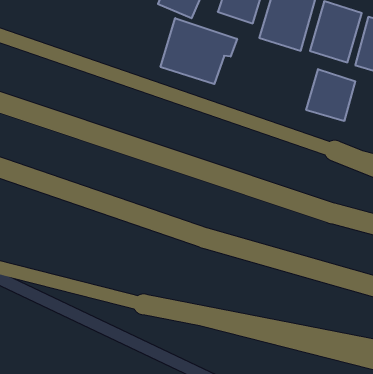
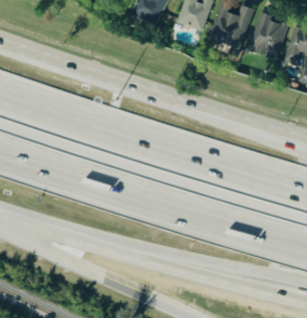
building: [161,18,237,84] -> none
building: [306,69,355,121] -> none

